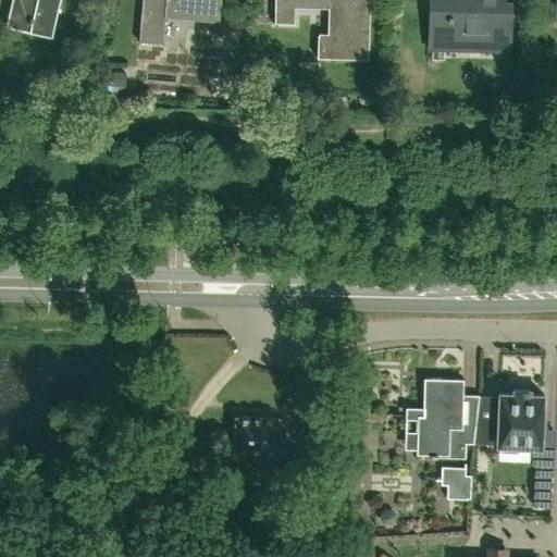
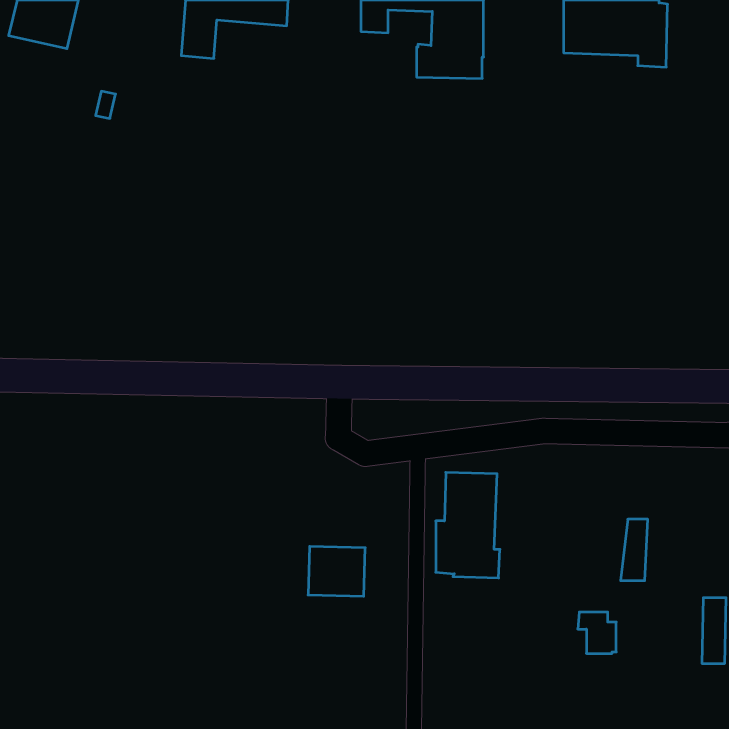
building: [417,377,466,458] -> [436,472,500,578]
building: [497,388,543,447] -> none

